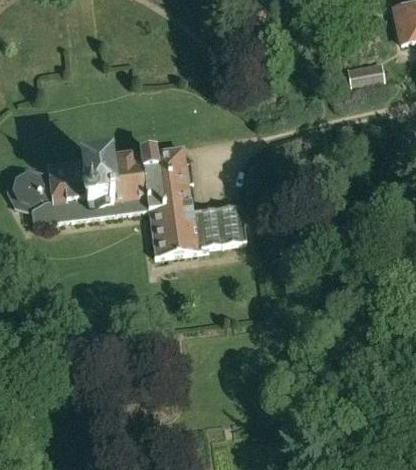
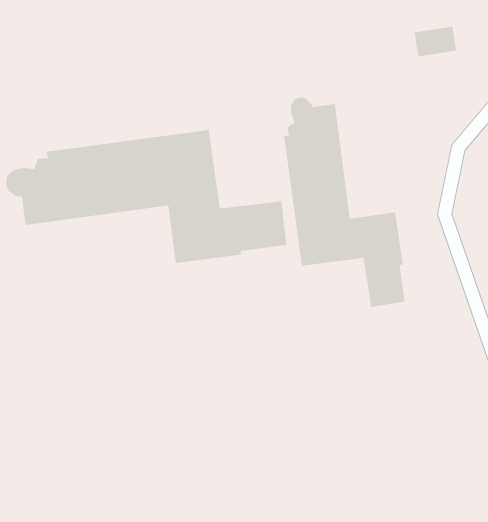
building: none -> [284,97,405,308]

